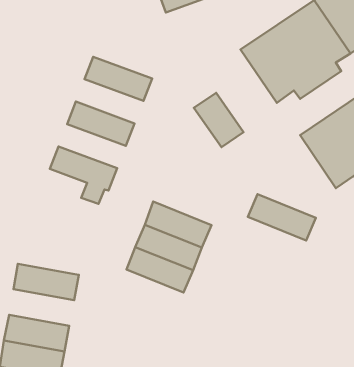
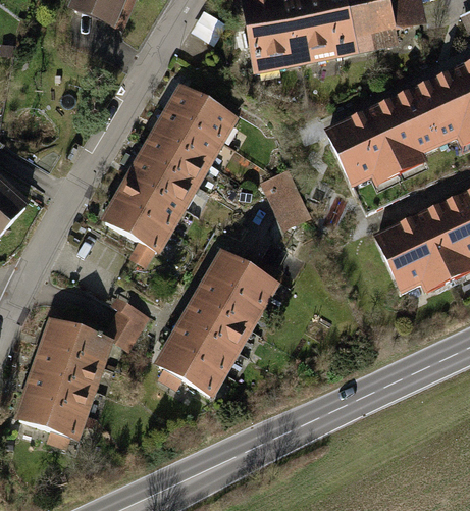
building: none -> [166,84,239,140]
building: none -> [140,129,212,185]
building: none -> [113,173,186,229]
building: [248,194,316,240] -> [205,249,277,307]
building: none -> [106,295,152,349]
building: none -> [150,340,221,397]
building: none -> [31,341,103,390]

